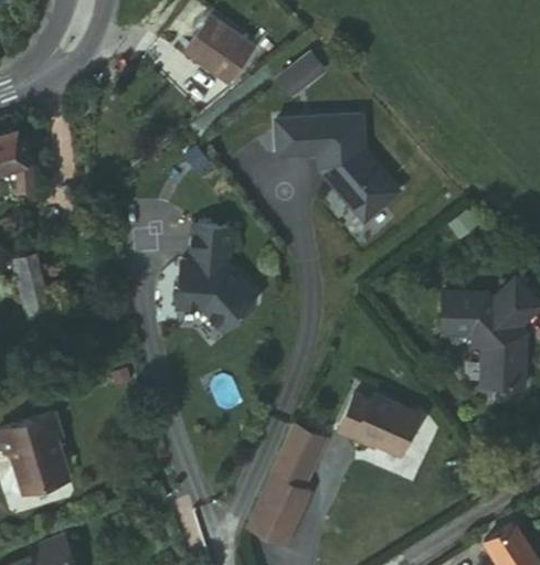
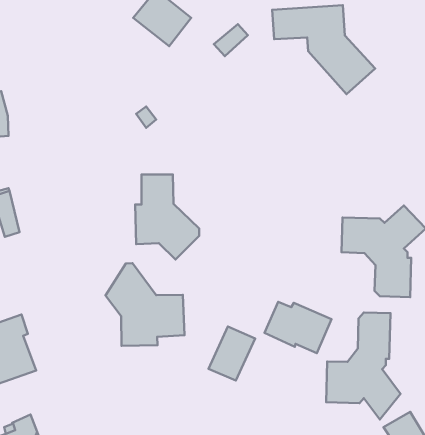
building: [274,114,398,221] -> [272,5,375,94]
building: none -> [105,263,185,346]
building: none -> [326,312,401,419]
building: [251,473,314,544] -> none

